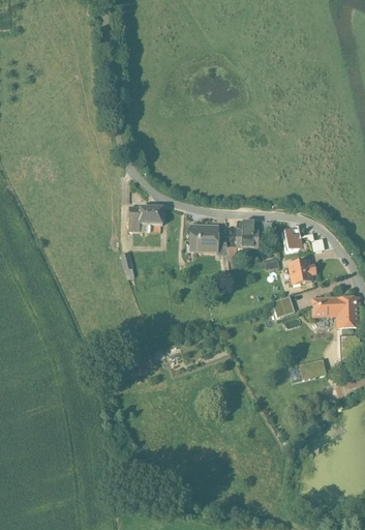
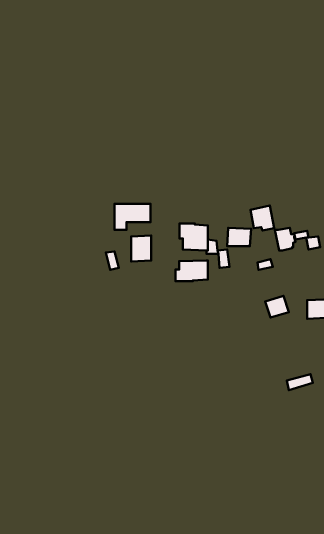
building: none -> [131,236,151,261]
building: [288,259,311,283] -> [250,205,274,230]
building: none -> [175,260,208,281]

